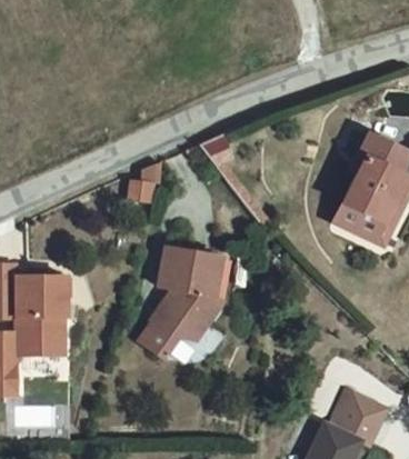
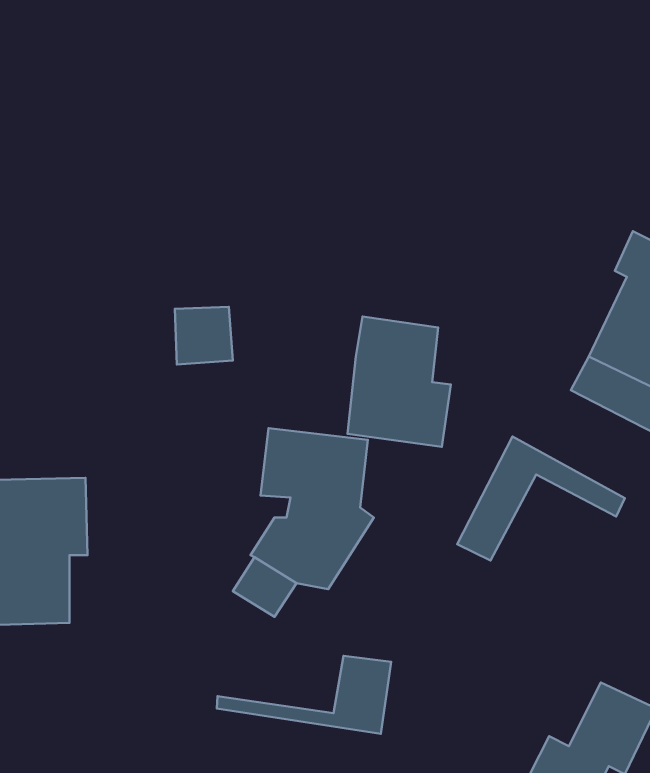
building: none -> [347,316,451,447]
building: none -> [457,437,625,560]
building: none -> [217,656,391,734]

